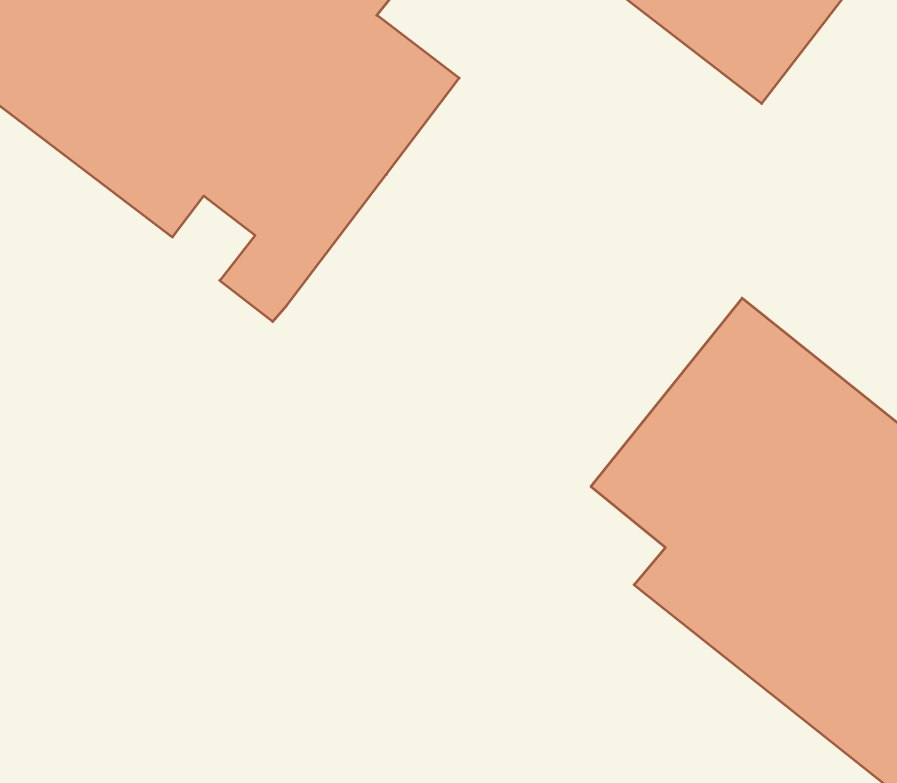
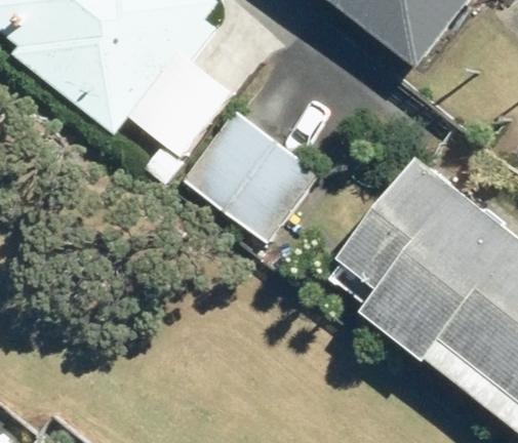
building: none -> [186,93,330,233]

